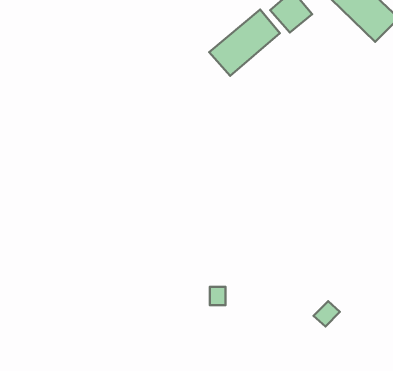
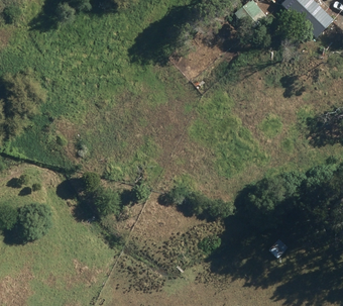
building: [209,10,280,76] -> none

